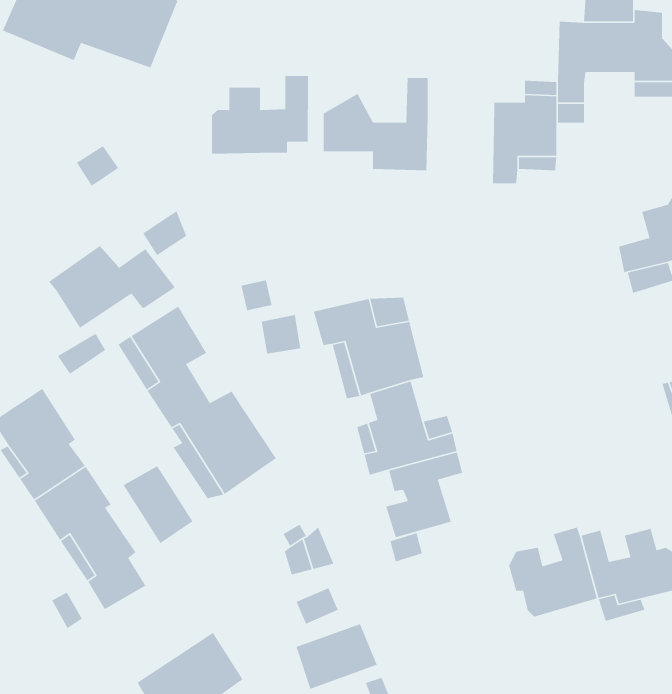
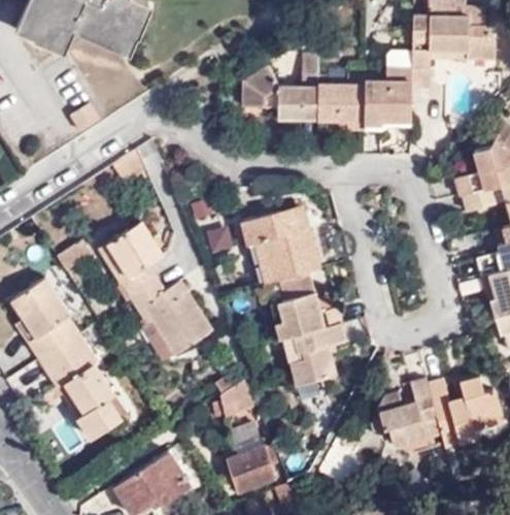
building: [211,75,309,155] -> none
building: none -> [320,76,368,132]
building: [48,245,176,329] -> none
building: [123,465,194,544] -> none

